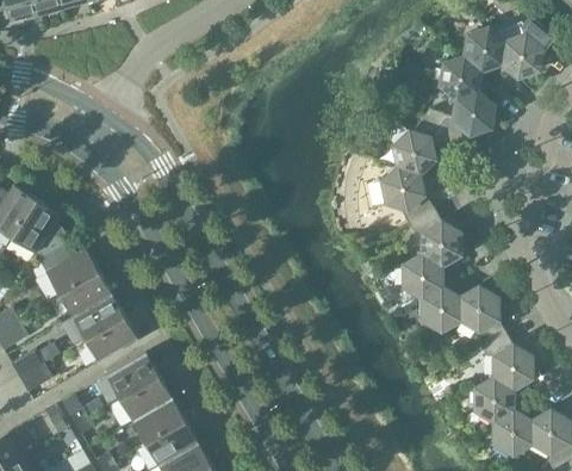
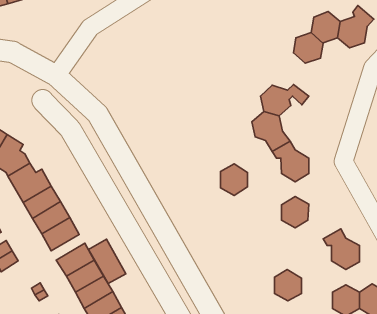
building: [439,92,493,145] -> none
building: [403,254,441,298] -> [221,164,248,195]
building: [459,286,505,346] -> none
building: none -> [89,239,126,283]
building: [474,377,512,421] -> [274,270,302,301]

